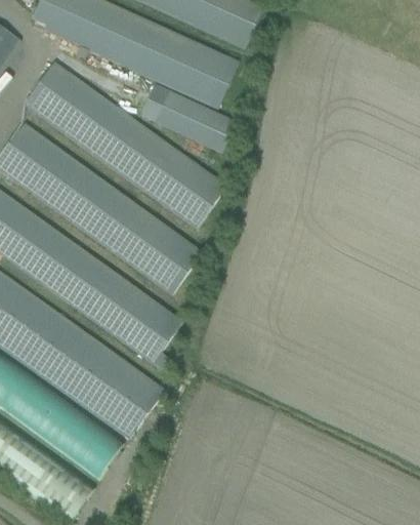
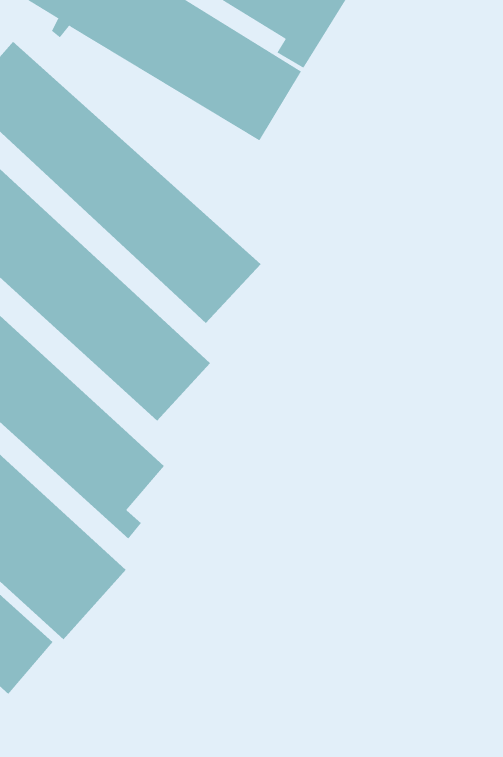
building: [139,82,235,151] -> none

